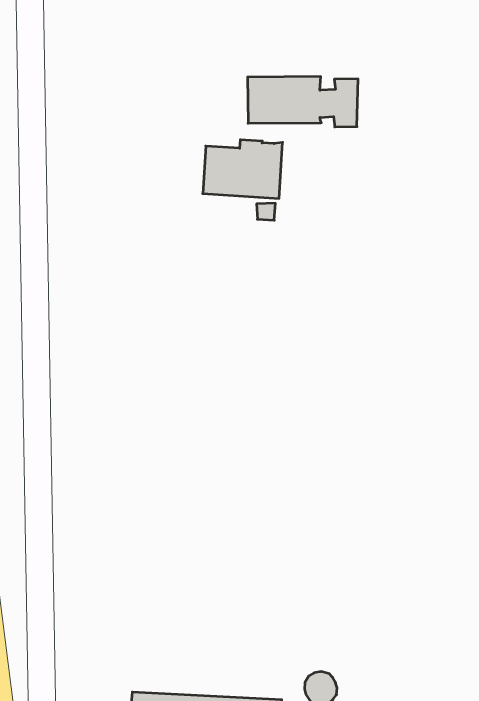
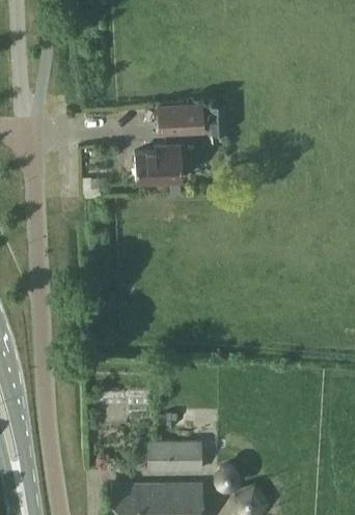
building: none -> [146,440,201,471]

